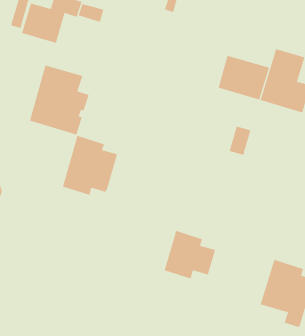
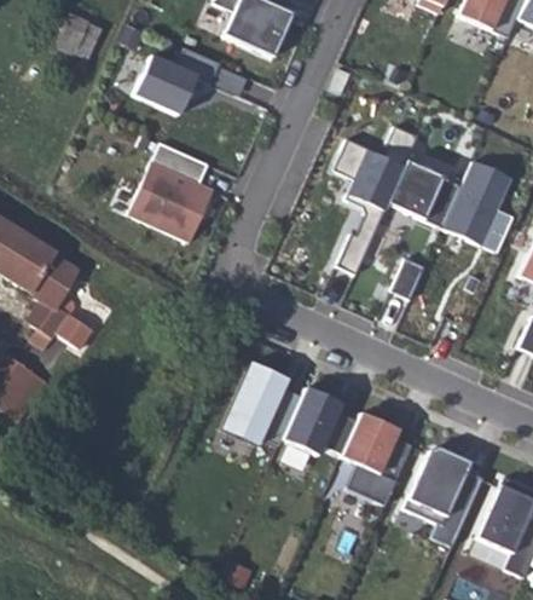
building: none -> [334,126,417,275]
building: [62,135,118,196] -> [221,363,302,446]
building: none -> [341,412,399,506]

